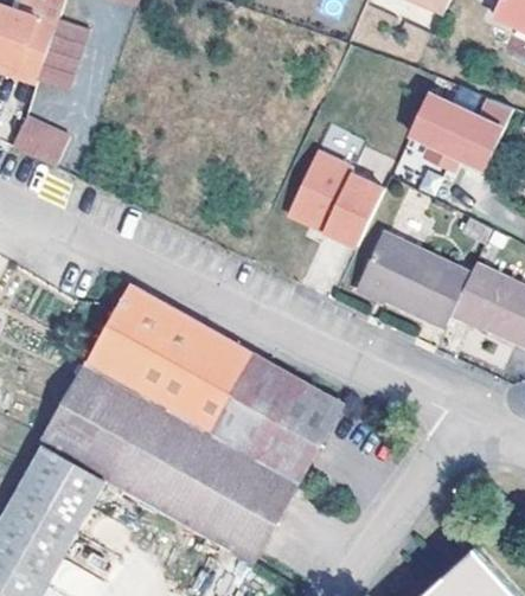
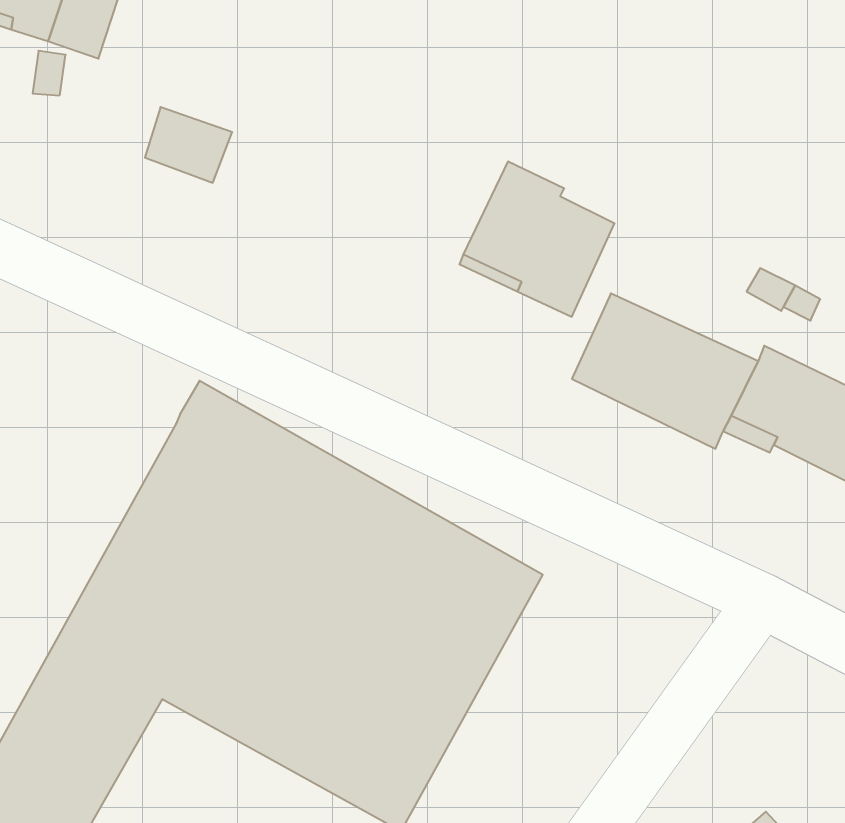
building: [409,95,512,168] -> none
building: [15,113,69,159] -> [145,107,232,183]

